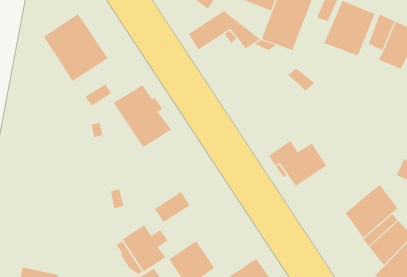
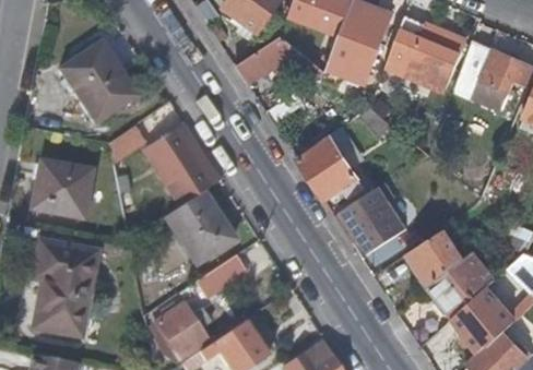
building: none -> [299,135,368,201]
building: none -> [31,159,92,218]
building: none -> [165,192,236,264]
building: none -> [410,229,465,287]
building: none -> [34,241,96,335]

